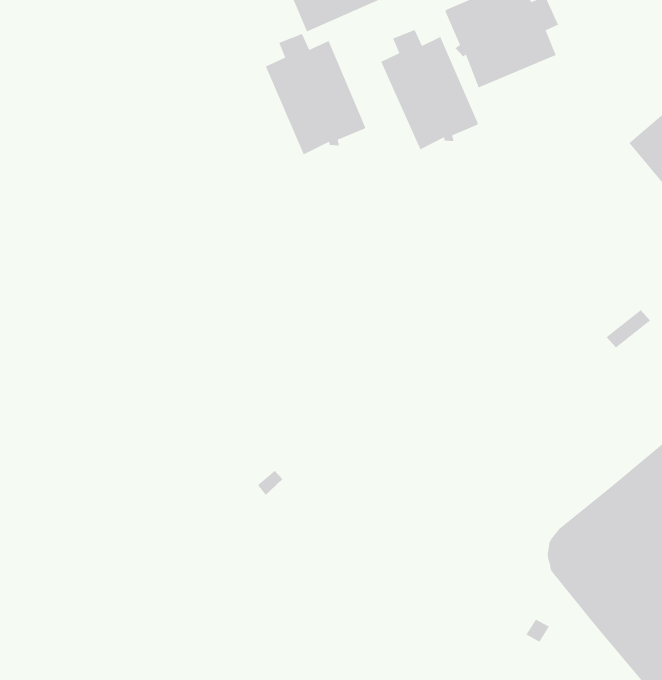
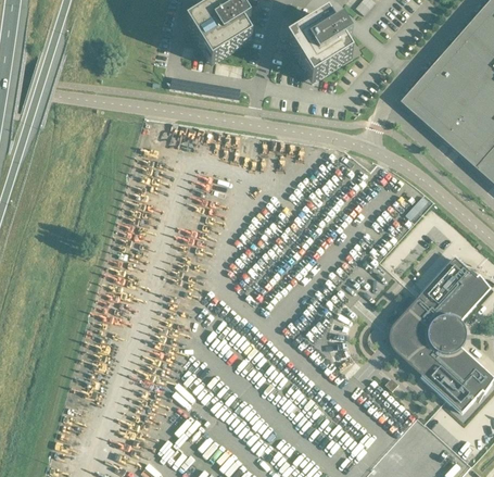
building: [381,29,478,150] -> none
building: [265,33,366,155] -> none

